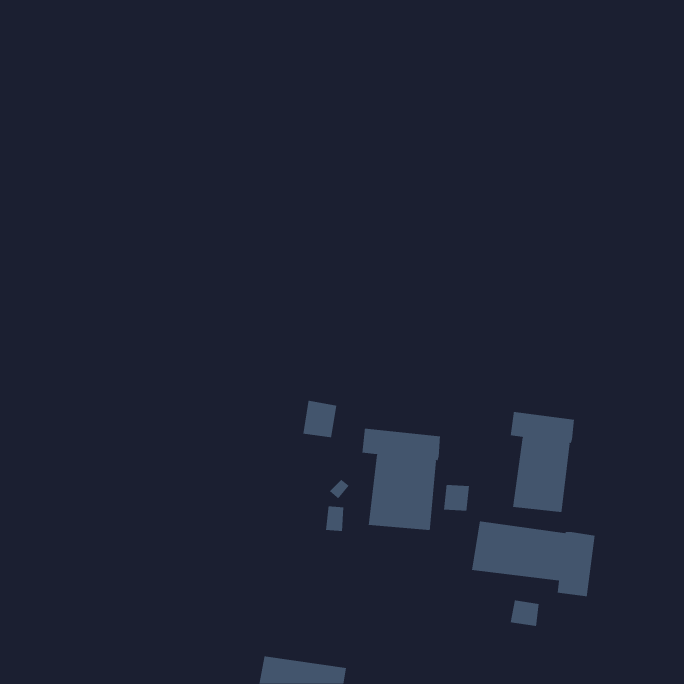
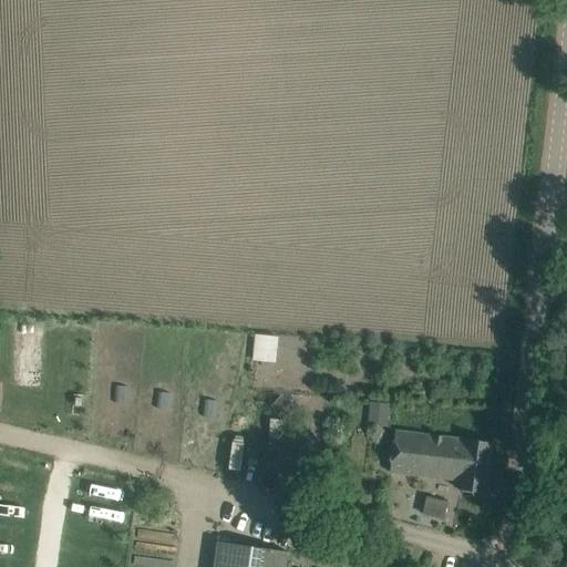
building: [510,411,575,513] -> none
building: [362,428,441,531] -> none

